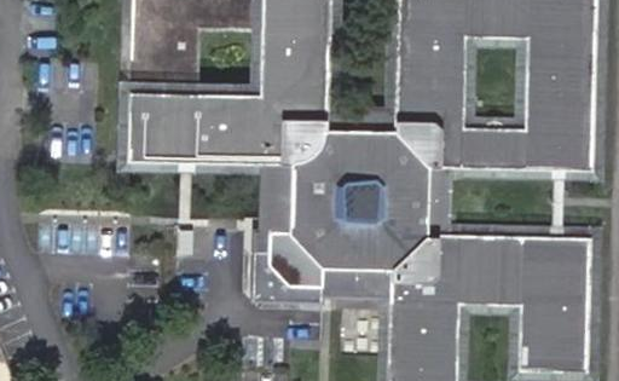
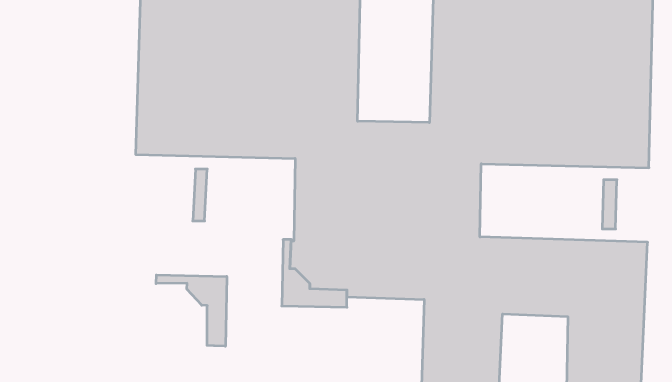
building: none -> [156,275,227,346]

